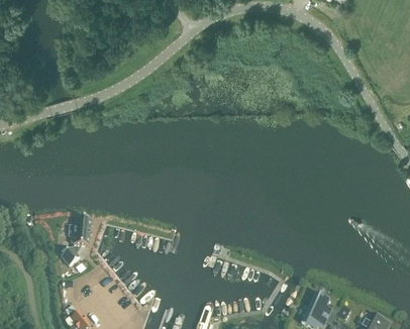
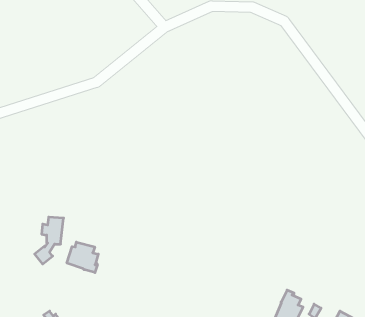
building: none -> [67,242,98,273]

